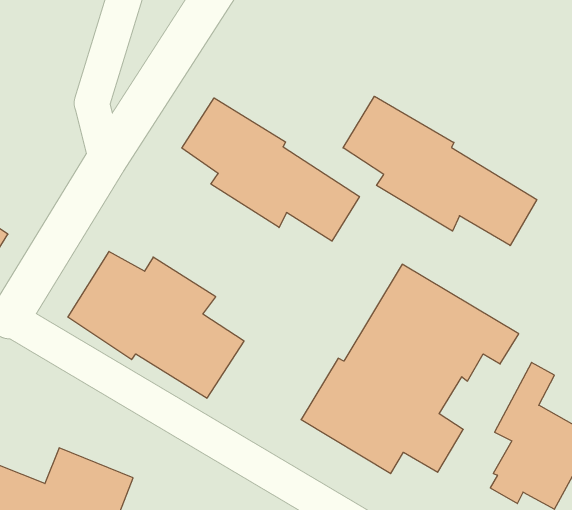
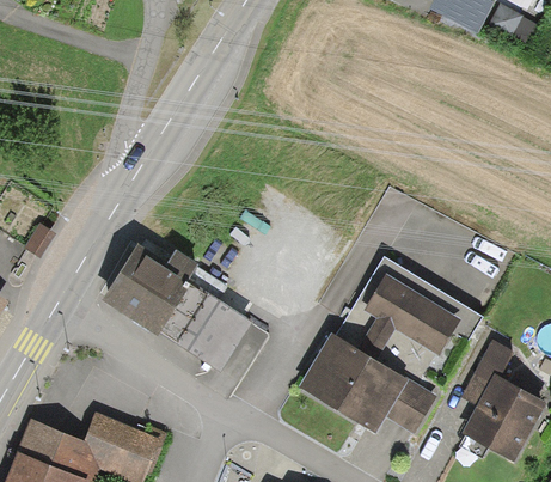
building: [343,96,537,246] -> none
building: [182,98,359,241] -> none

